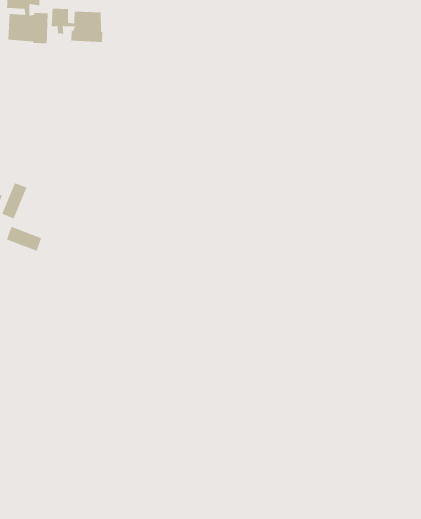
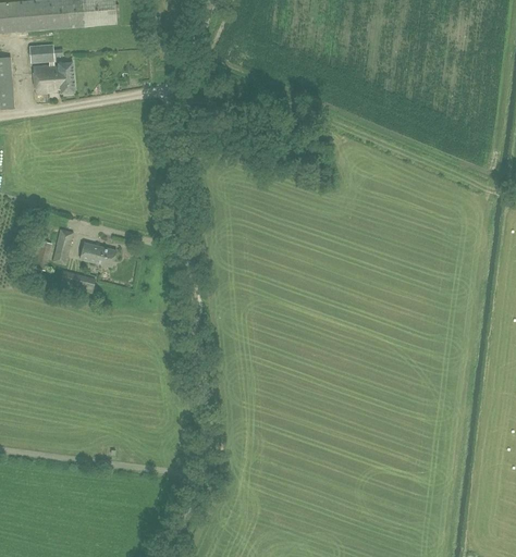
building: [51,8,103,43] -> none
building: none -> [78,240,114,265]

